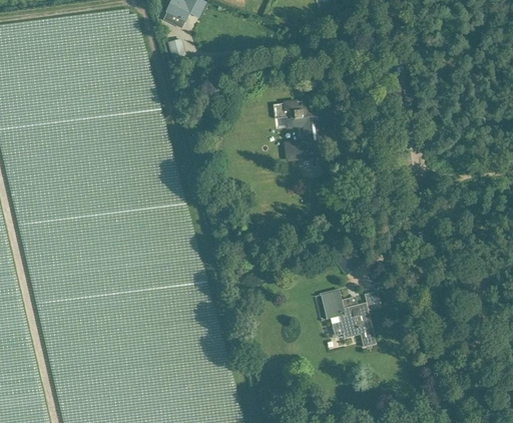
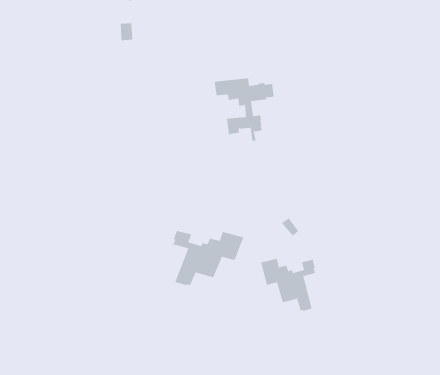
building: none -> [172,230,251,286]

